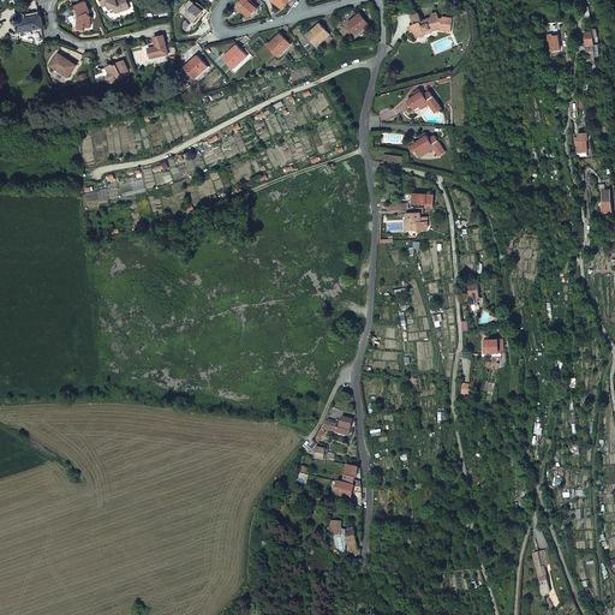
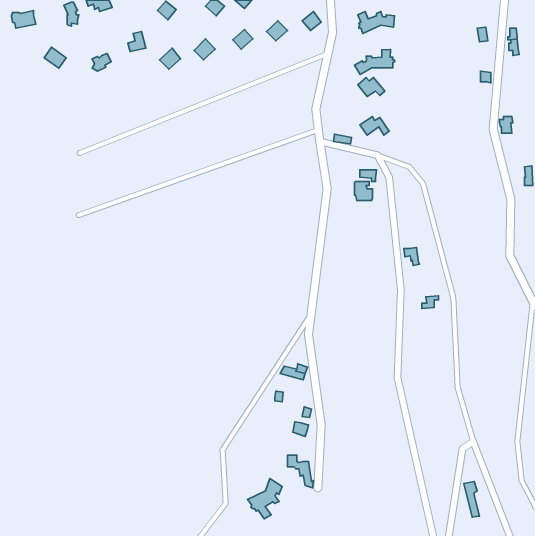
building: none -> [354,49,395,75]
building: none -> [248,478,282,519]

